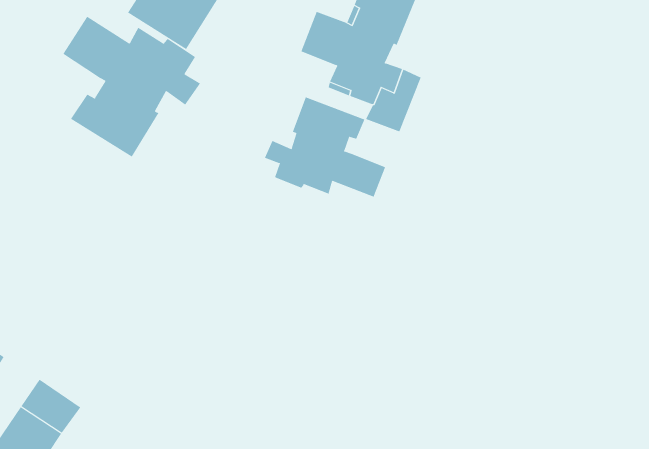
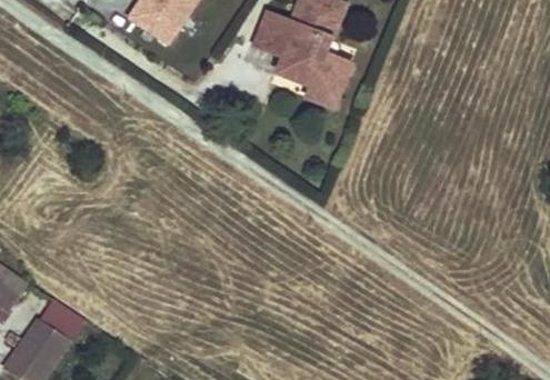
building: [63,16,201,157] -> none
building: [264,97,386,198] -> none

